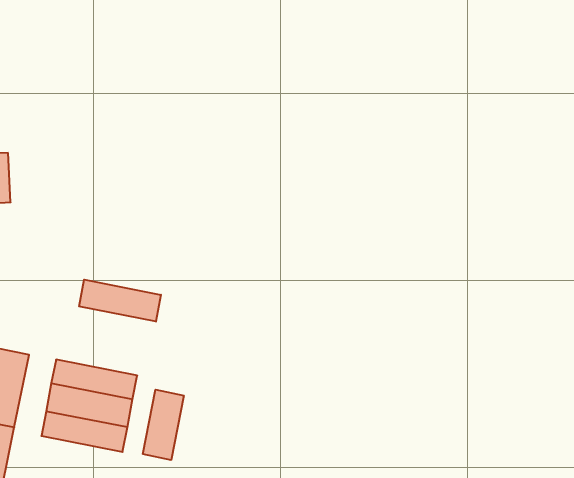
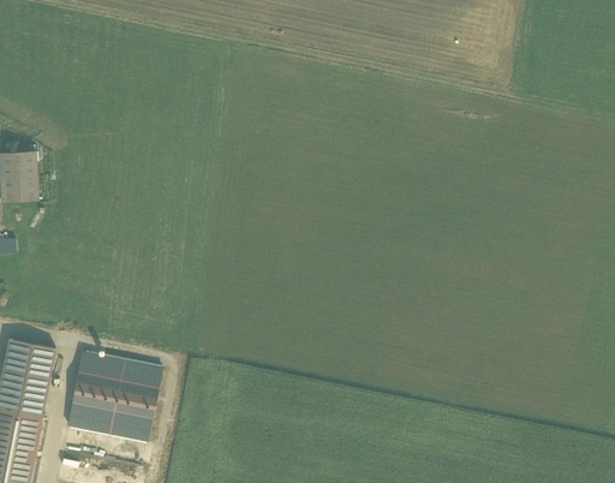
building: [79,280,161,322] -> none
building: [143,390,184,460] -> none

